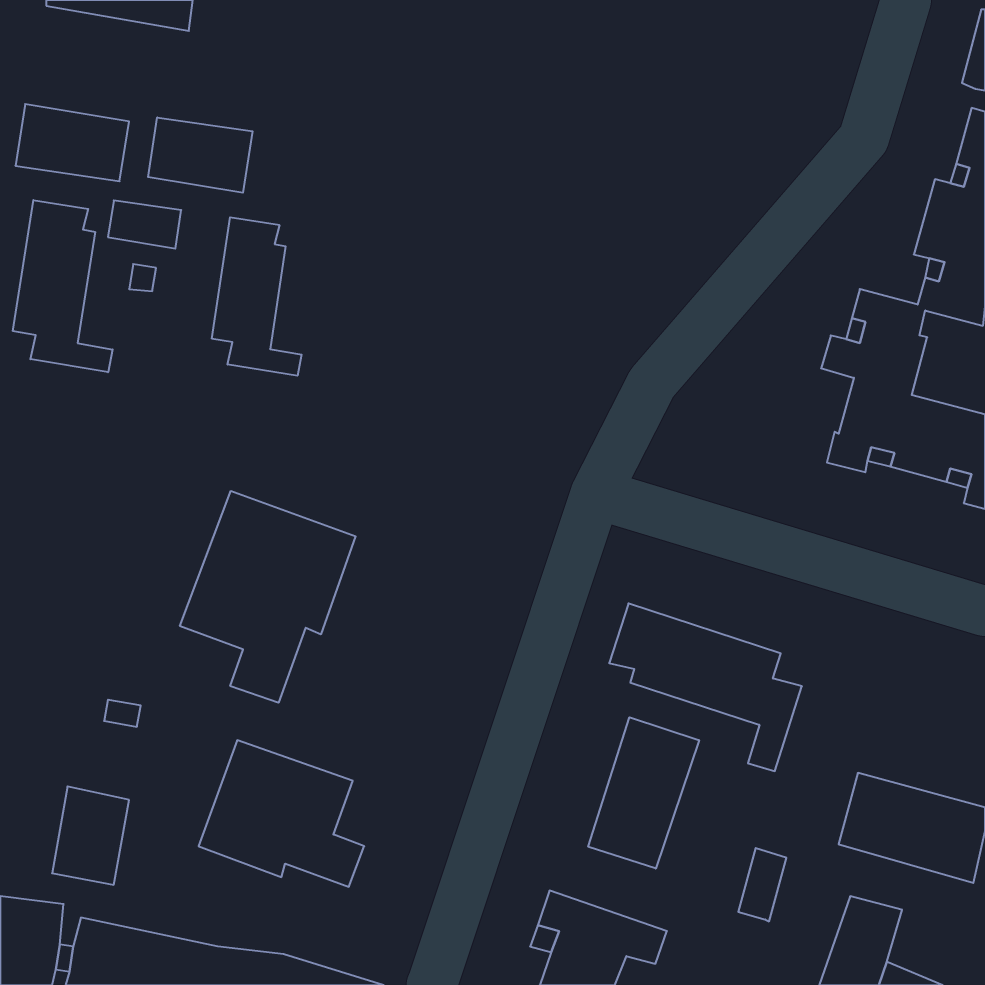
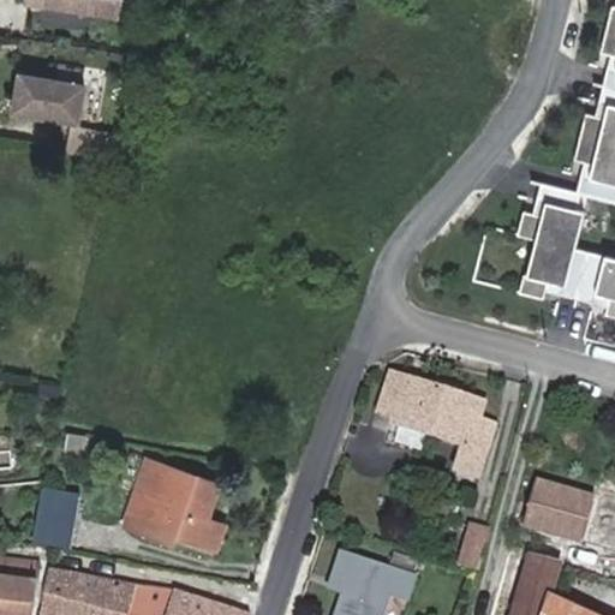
building: [148,117,253,193] -> none
building: [13,200,113,372] -> none
building: [212,217,302,376] -> none
building: [180,491,356,703] -> none
building: [588,717,699,869] -> none

